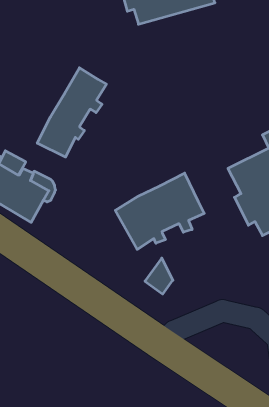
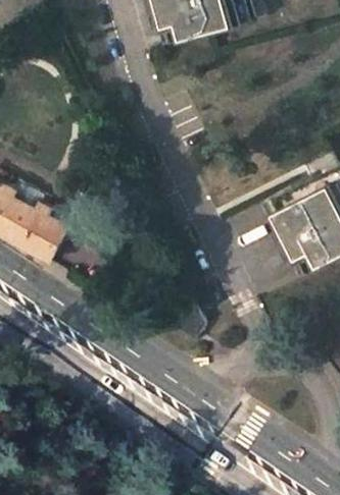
building: [37,68,106,157] -> none
building: [115,173,204,249] -> none

